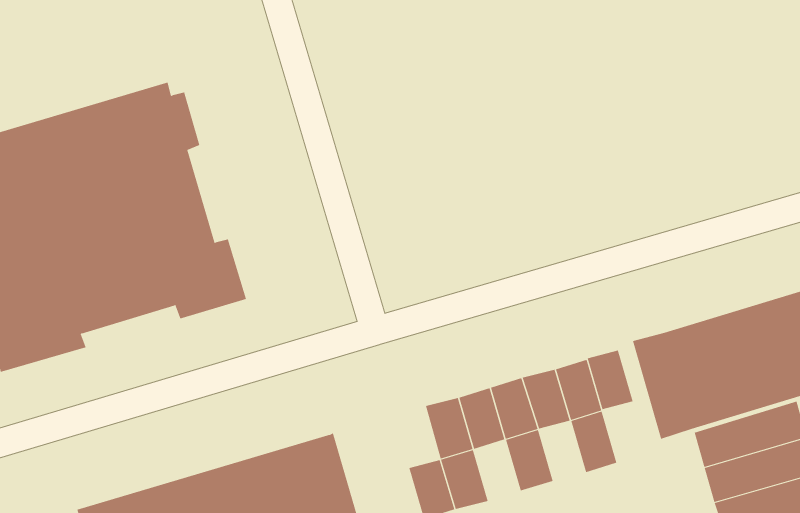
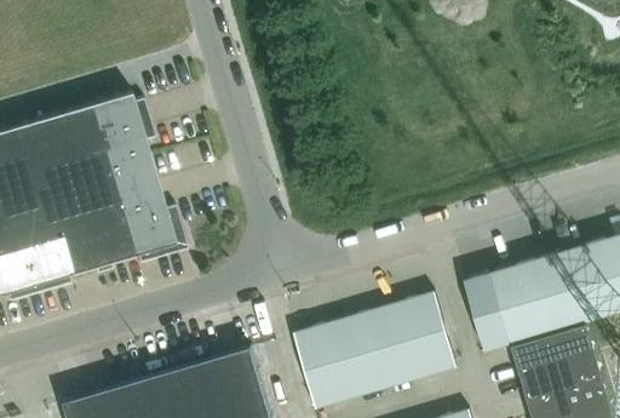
building: [587,350,633,410] -> [398,337,432,380]
building: none -> [293,326,327,371]
building: none -> [351,350,385,395]

